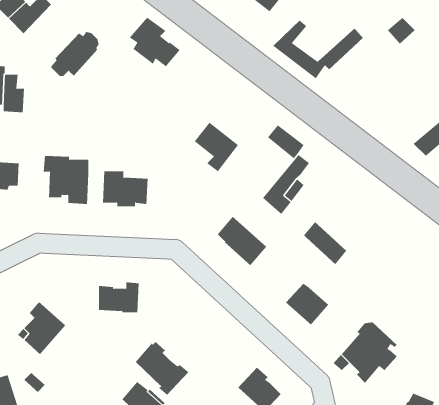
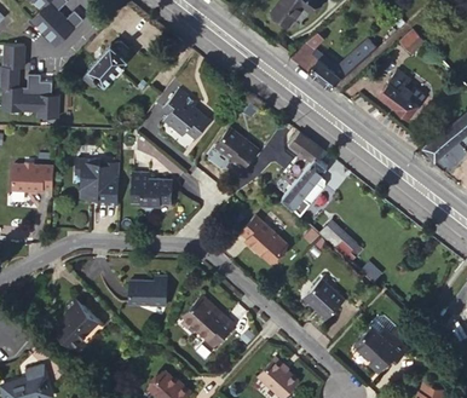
building: [129,17,180,67] -> [162,91,211,138]
building: none -> [380,71,422,119]
building: [135,341,189,395] -> [181,298,232,348]

